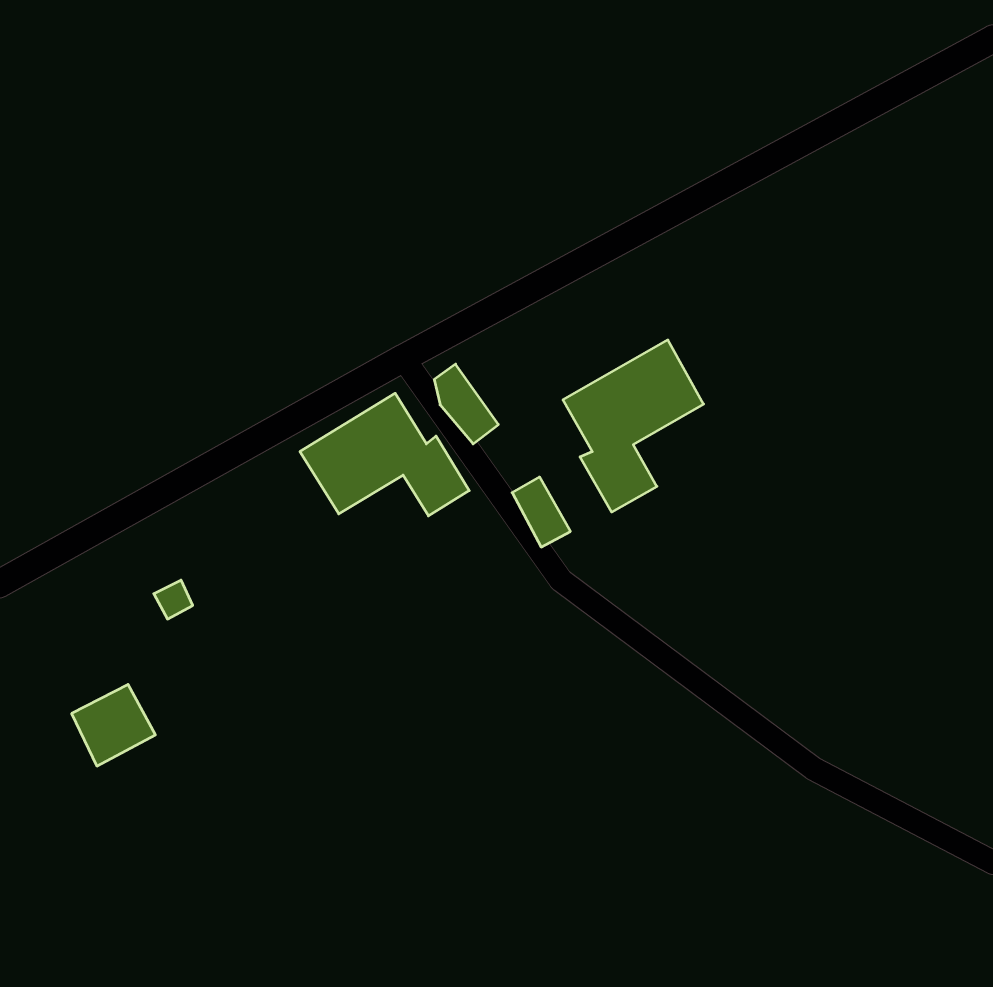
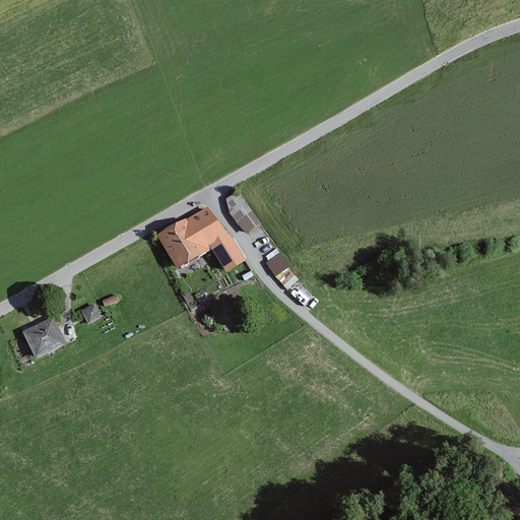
building: [563,340,704,512] -> none
building: [72,684,155,766] -> [22,316,66,359]

